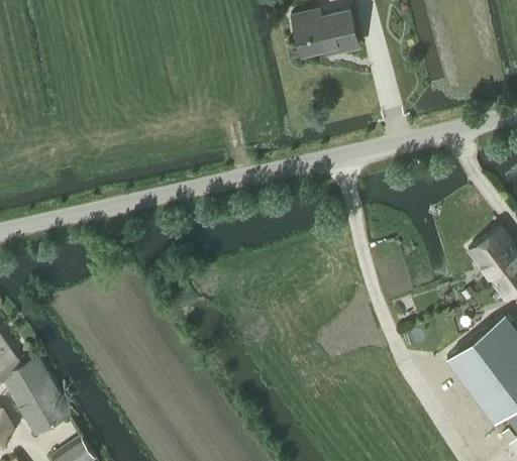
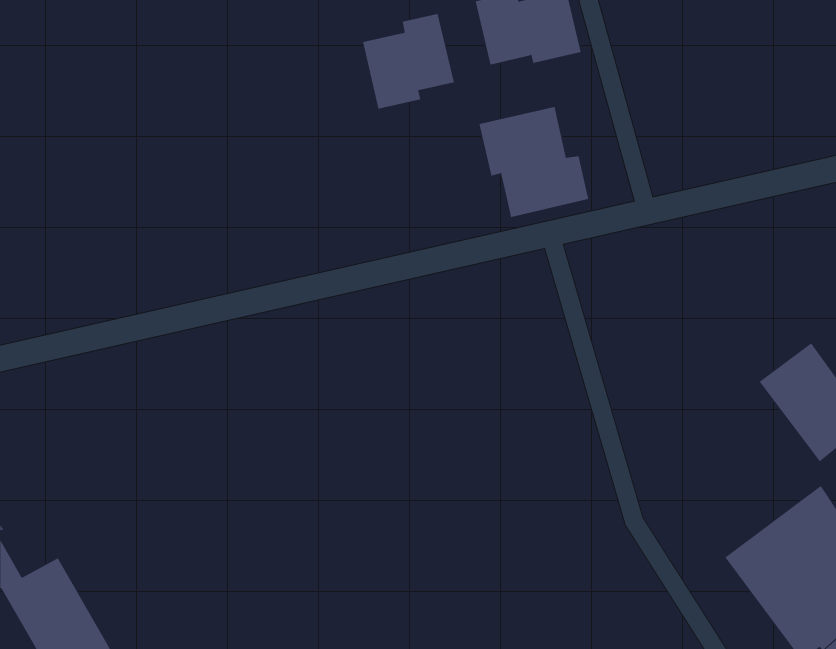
building: none -> [363,13,454,110]
building: none -> [479,106,589,218]

